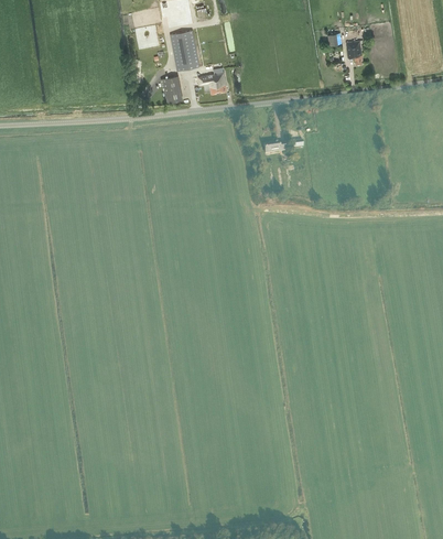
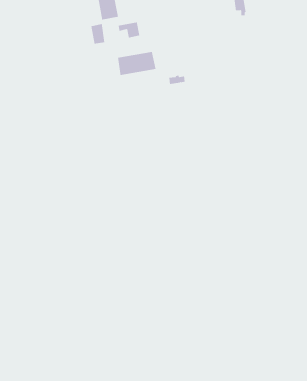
building: none -> [117,51,156,76]

